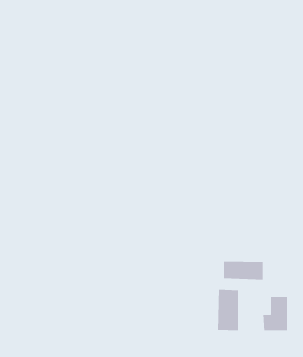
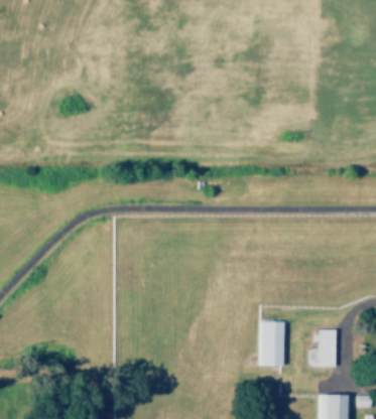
building: [223,261,263,281] -> none

